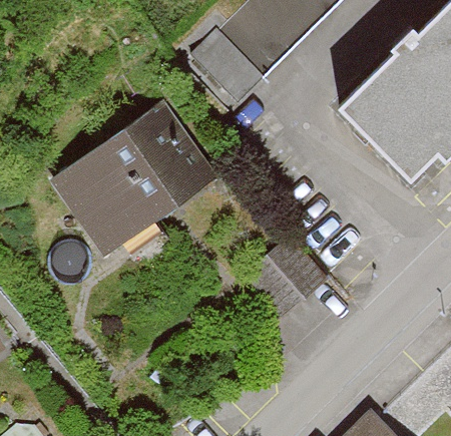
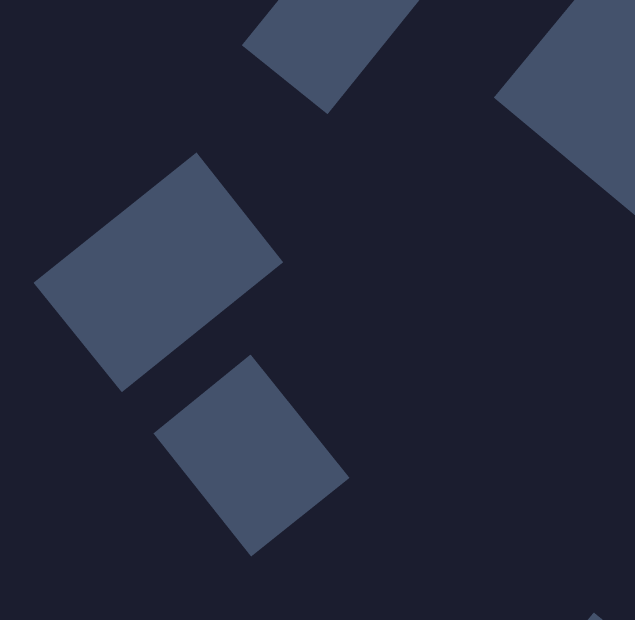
building: none -> [152,353,351,558]

